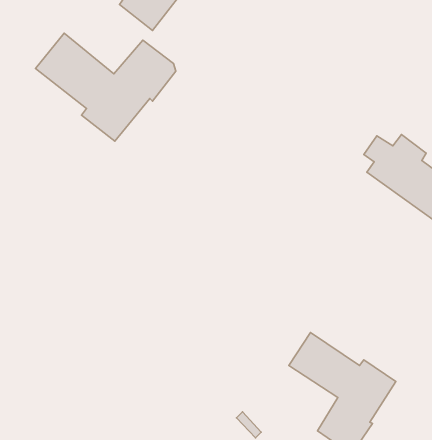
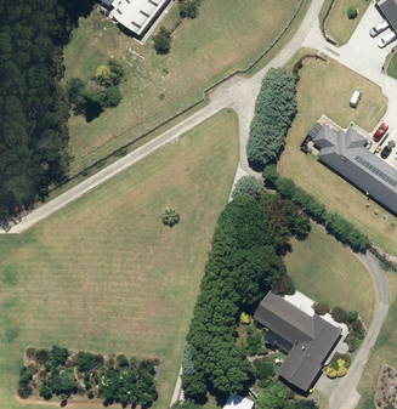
building: [35,33,176,141] -> none

